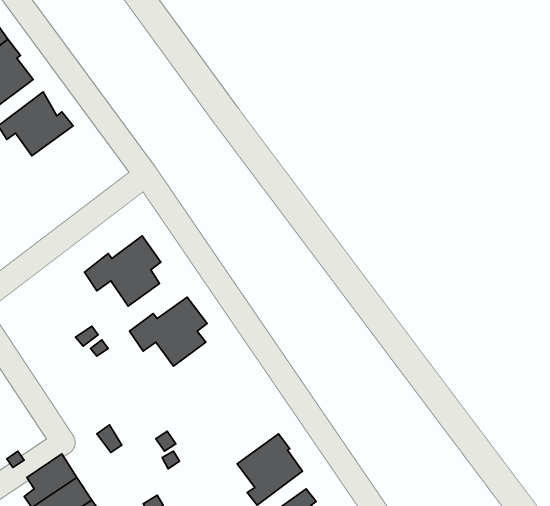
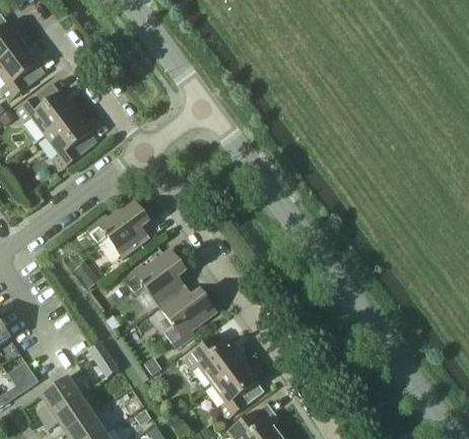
building: none -> [45,110,98,170]
building: none -> [159,286,216,348]
building: none -> [183,330,245,384]

